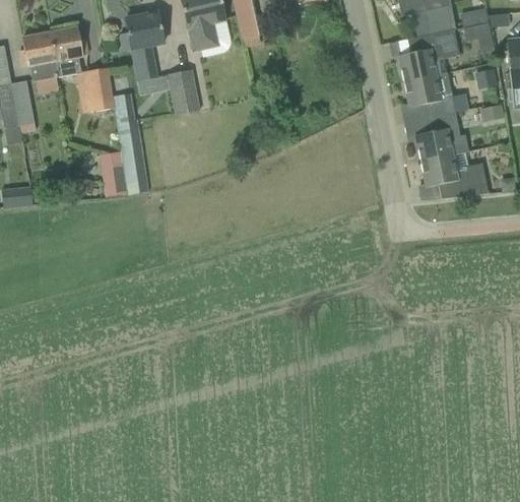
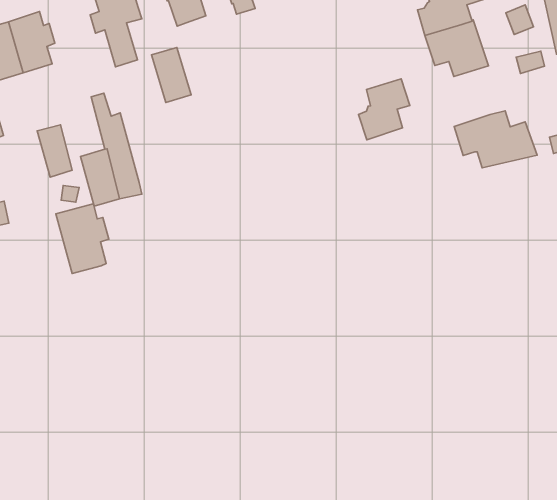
building: [86,67,113,111] -> [37,125,72,177]
building: [415,112,460,161] -> [358,79,410,140]
building: none -> [56,204,109,273]

